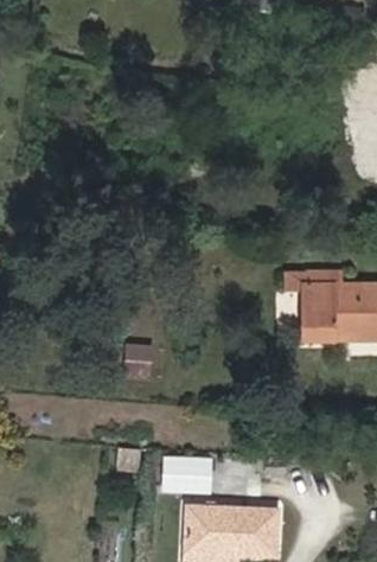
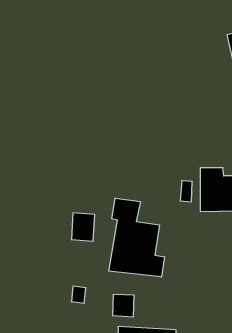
building: none -> [109,198,165,277]

